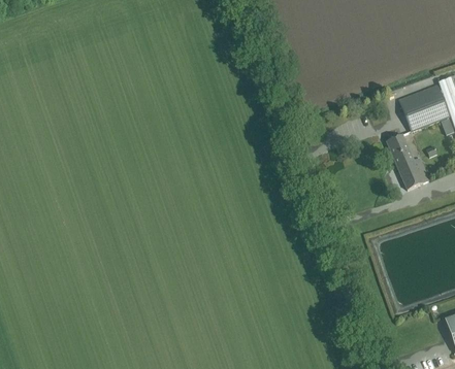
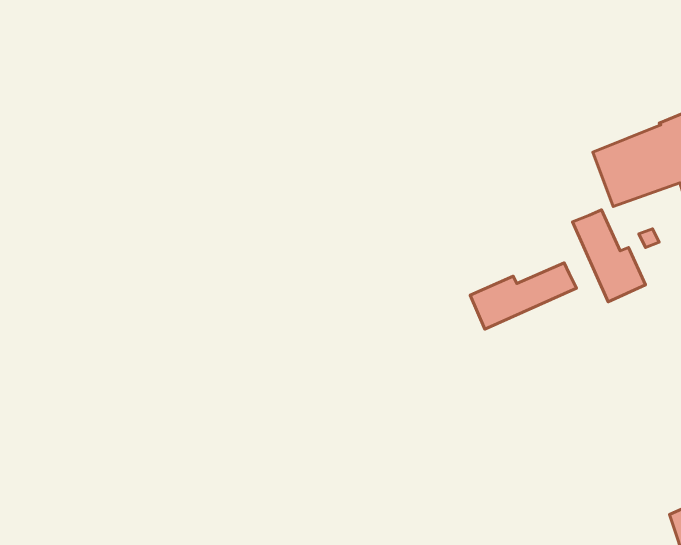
building: none -> [470,263,577,329]

